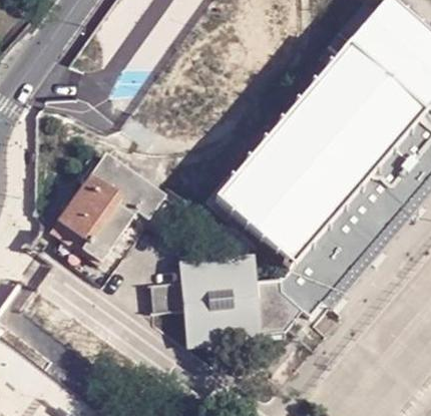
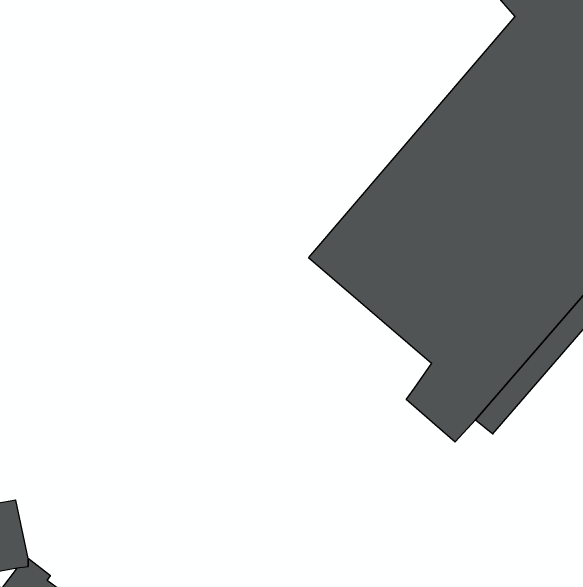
building: [59,152,164,260] -> none
building: [151,257,304,347] -> none

